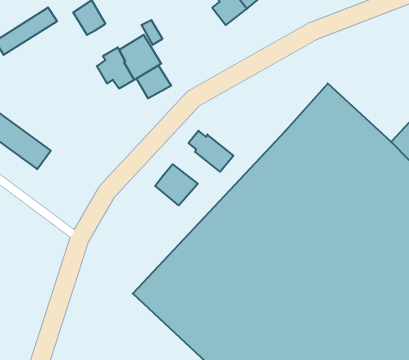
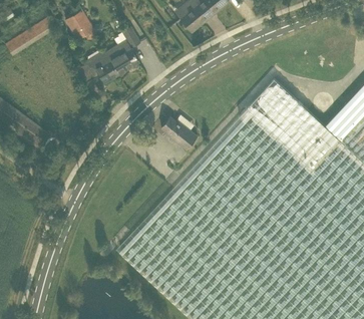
building: [136,65,171,98] -> none
building: [155,164,198,205] -> none

